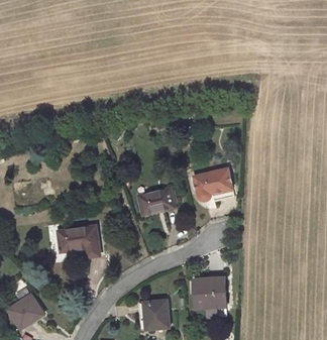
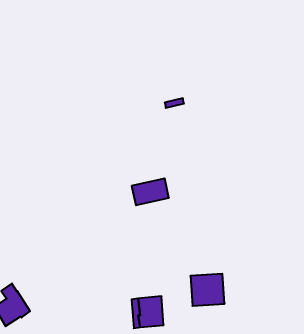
building: [194,168,233,201] -> none
building: [58,226,99,257] -> none

